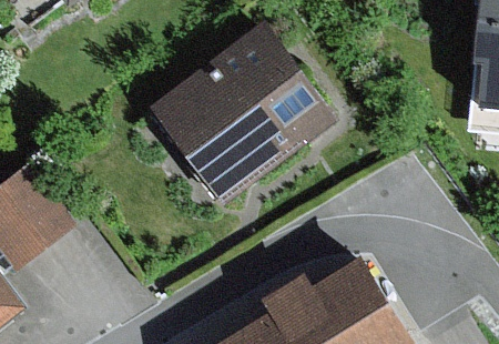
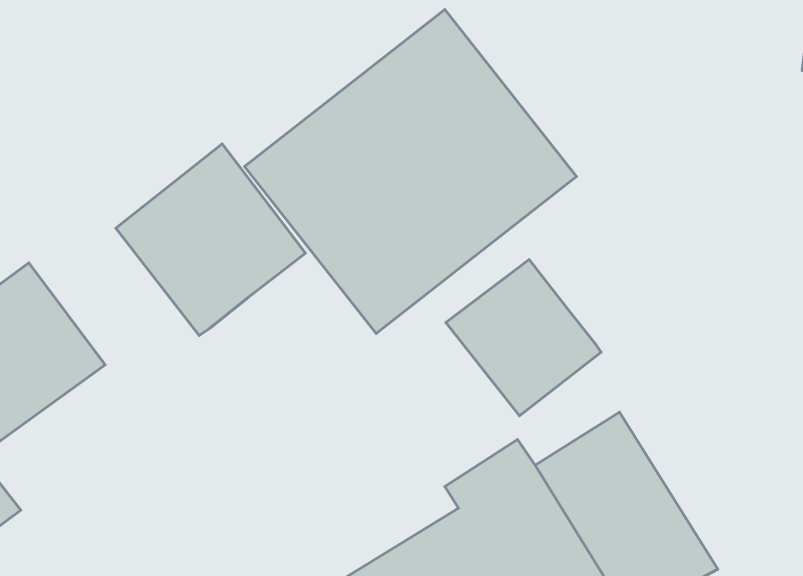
building: none -> [116,144,305,336]
building: none -> [446,259,601,416]

